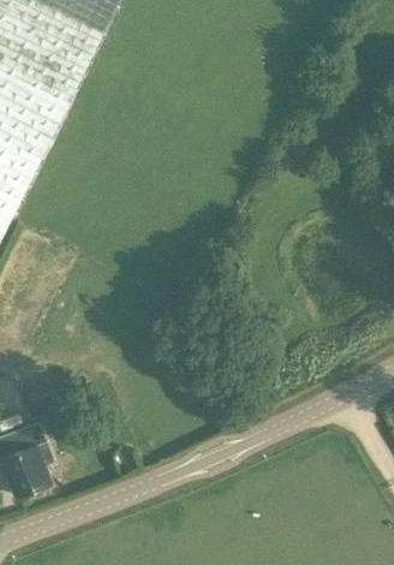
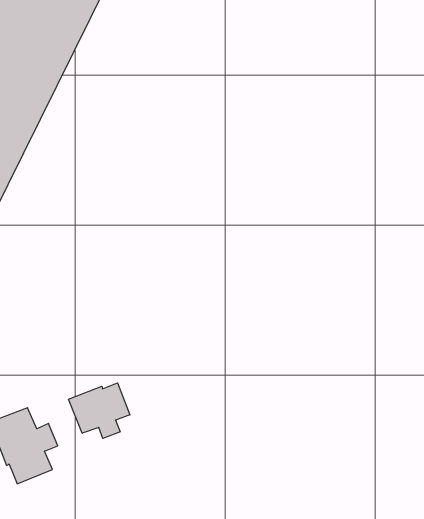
building: none -> [69,383,130,438]

